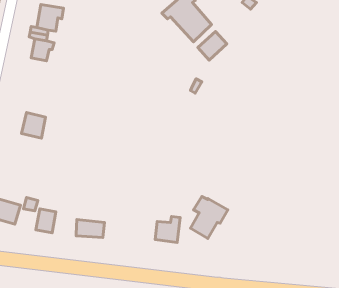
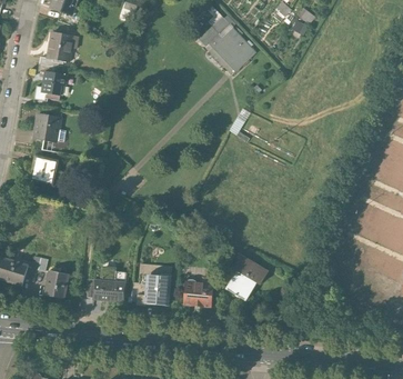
building: [198,31,227,60] -> none
building: none -> [31,110,61,142]
building: none -> [143,275,170,306]

